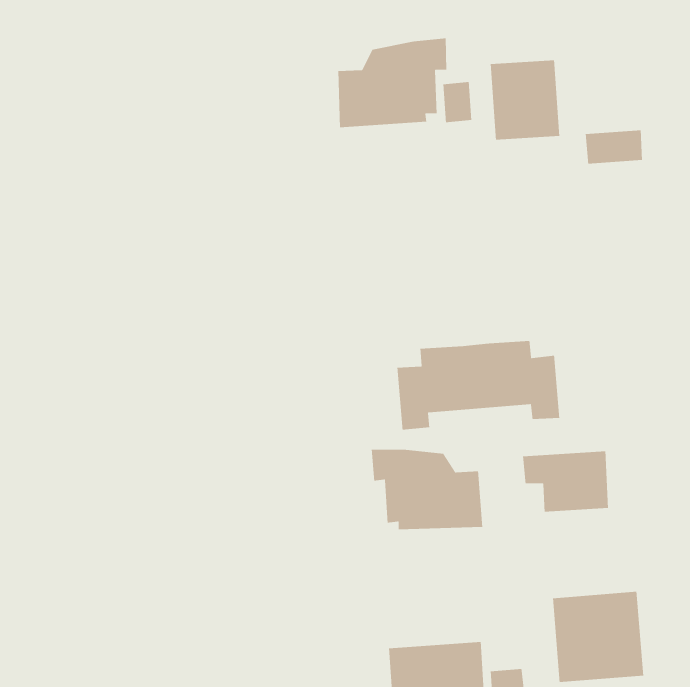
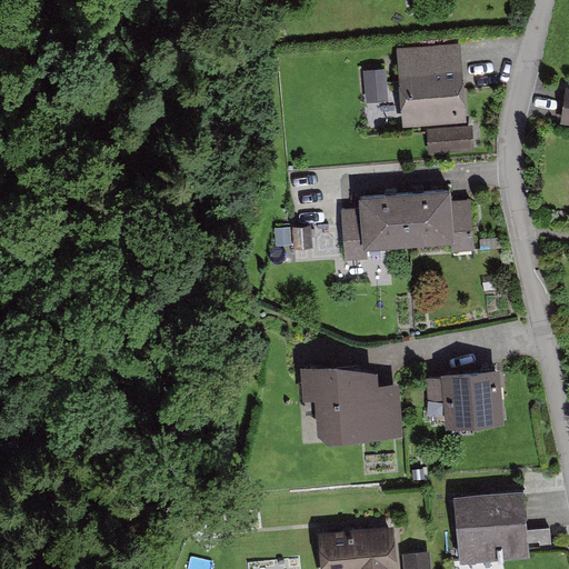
building: [338,38,447,128] -> none
building: [585,129,643,165] -> [426,127,473,156]
building: [396,340,560,431] -> [340,188,475,262]

